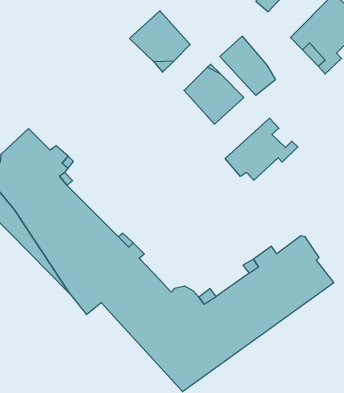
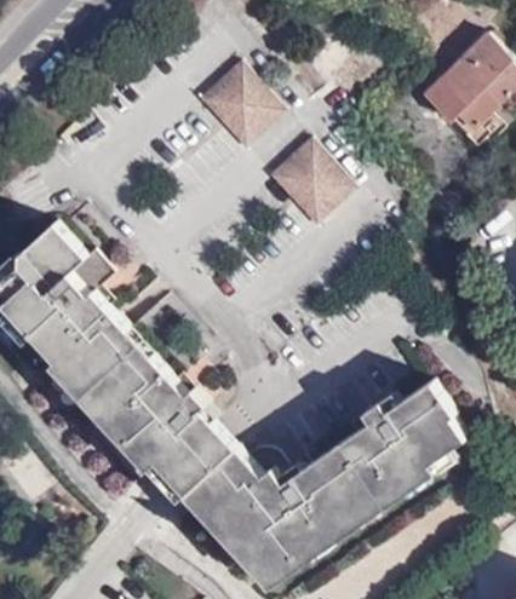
building: [220,36,275,95] -> none
building: [225,118,298,180] -> none

